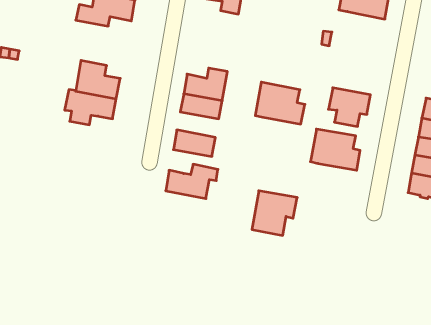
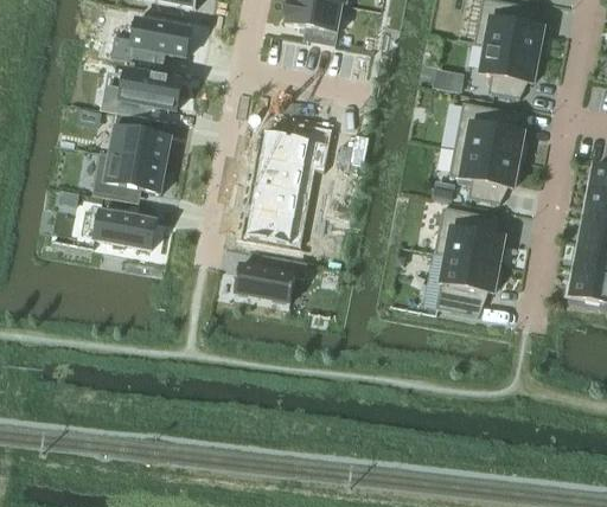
building: none -> [480,44,538,98]
building: none -> [109,62,183,121]
building: [255,82,305,124] -> [455,101,524,159]
building: none -> [250,182,308,218]
building: none -> [95,210,156,248]
building: [252,191,297,235] -> [436,254,499,315]

